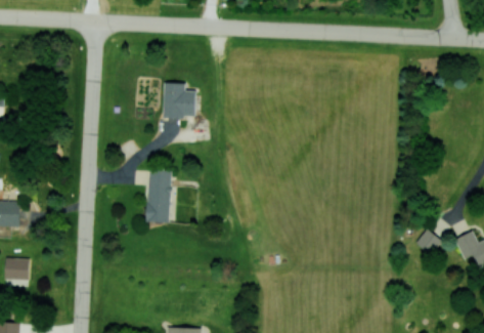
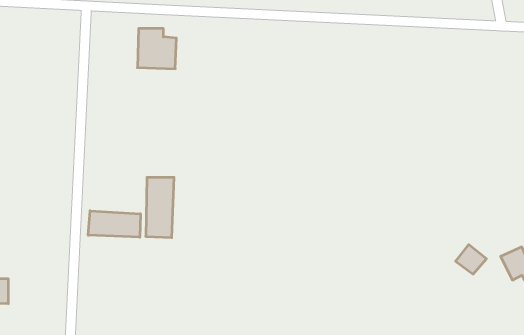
building: [163,83,196,118] -> [137,29,176,69]
building: none -> [88,211,140,237]

